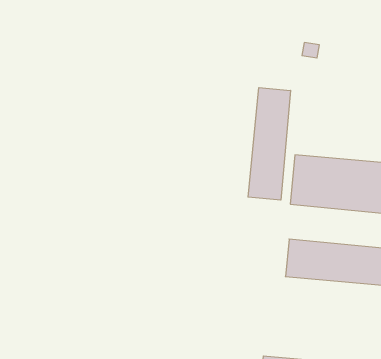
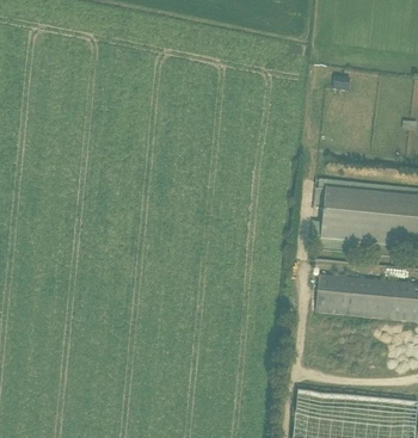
building: [248,88,291,200] -> none

